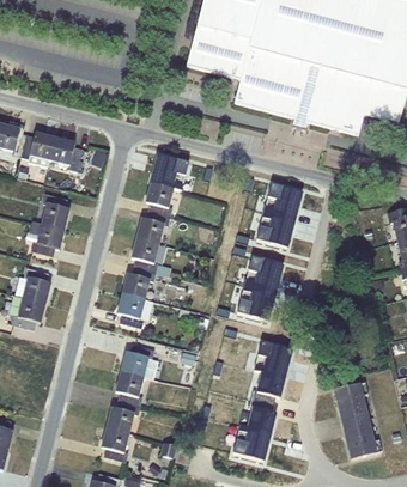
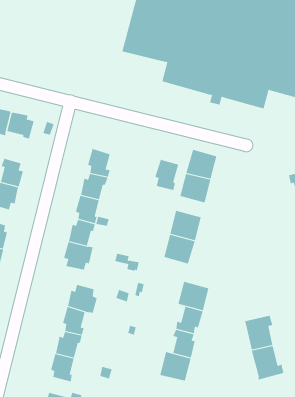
building: [151,153,189,189] -> none
building: none -> [154,159,179,191]

